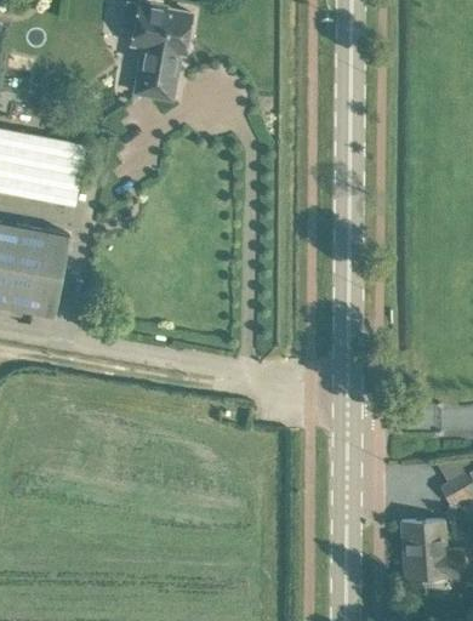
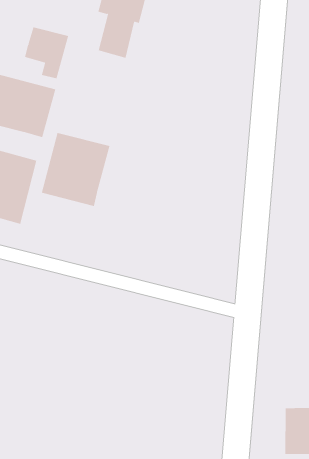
building: none -> [24,26,69,79]
building: none -> [41,132,110,207]

